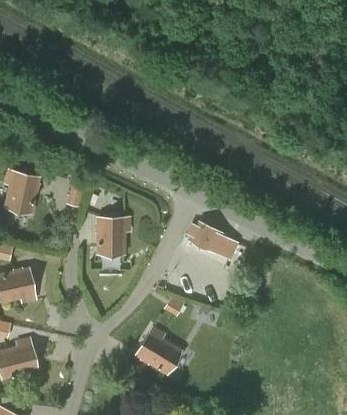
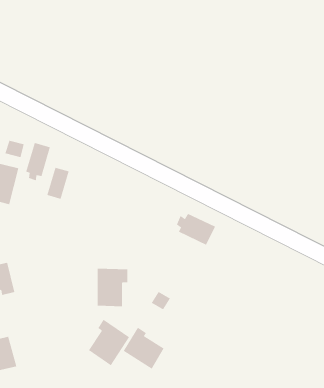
building: none -> [25,142,51,181]
building: [98,217,128,254] -> [97,268,128,307]
building: none -> [88,319,130,366]

